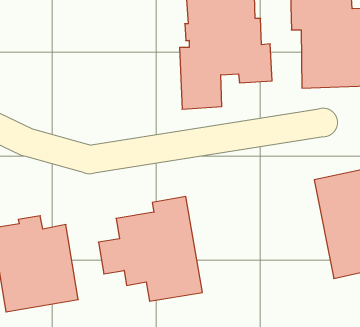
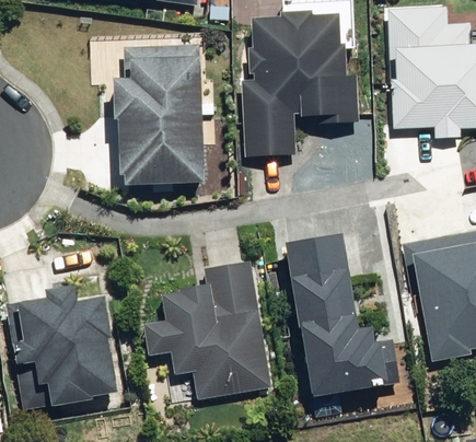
building: none -> [109,45,202,184]
building: none -> [283,233,383,393]

